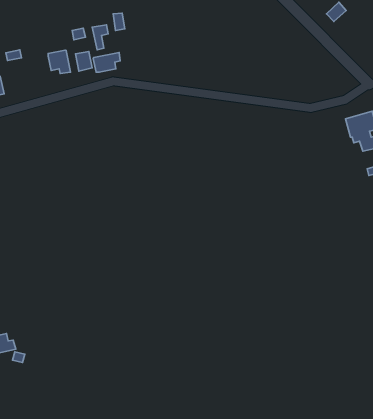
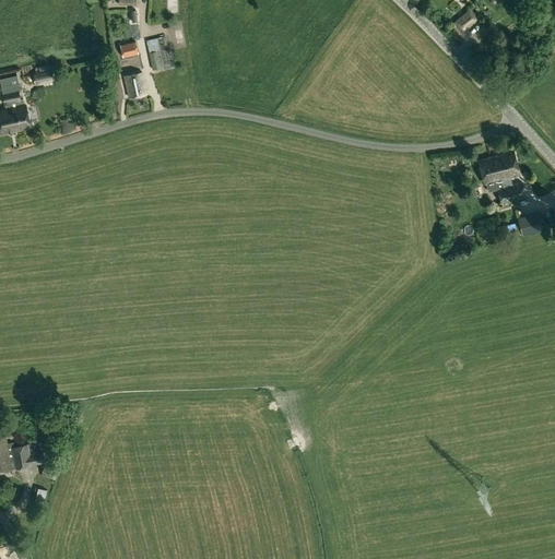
building: [48,50,70,74] -> none
building: [93,53,120,72] -> none

